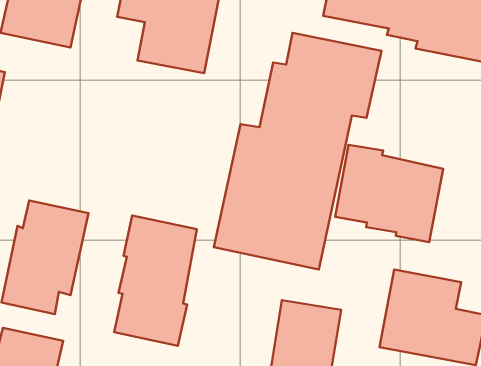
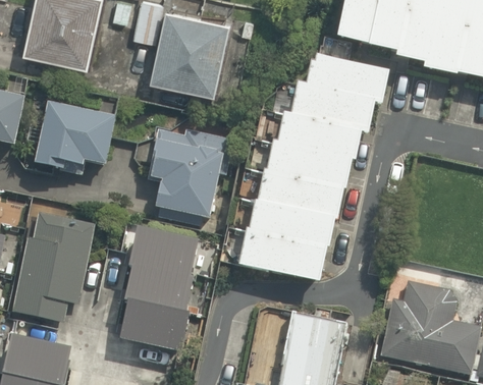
building: none -> [23,101,114,174]
building: none -> [146,125,232,214]
building: [335,145,443,242] -> none

